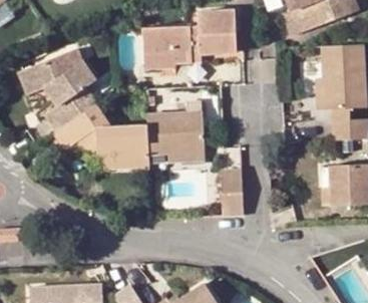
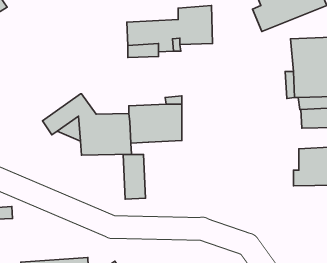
building: [15,48,94,132] -> none
building: [220,169,244,217] -> [123,154,145,199]

